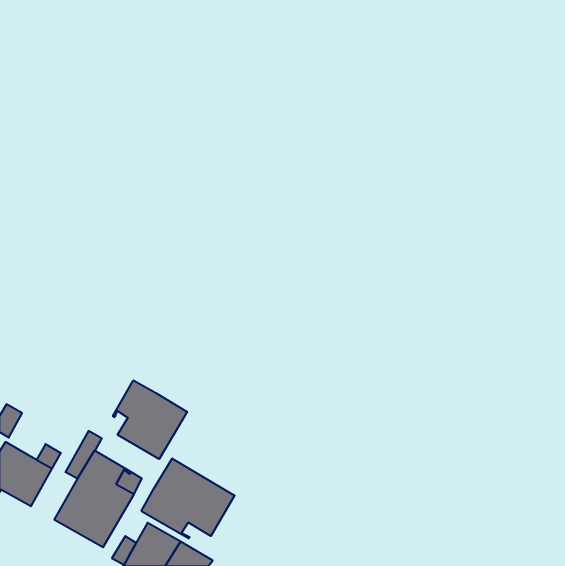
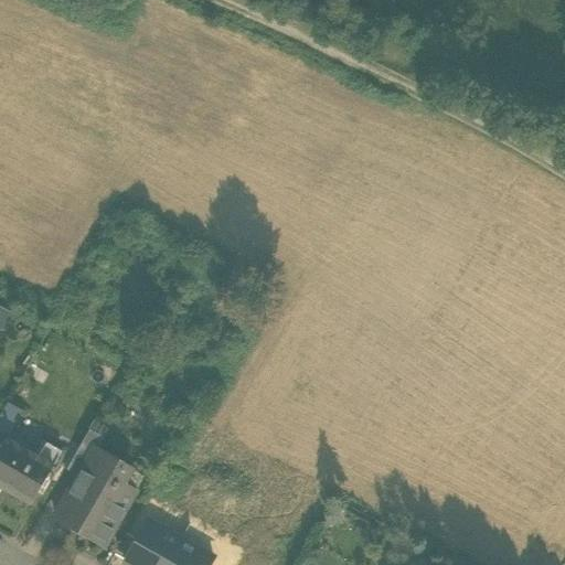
building: [113,380,187,459] -> none
building: [141,458,235,538] -> none

